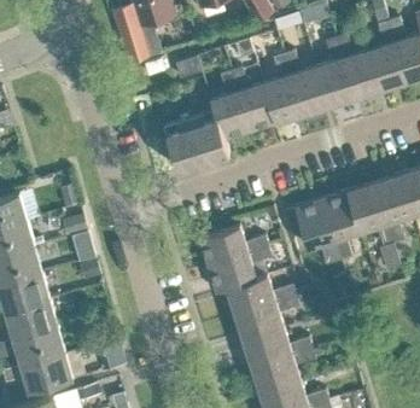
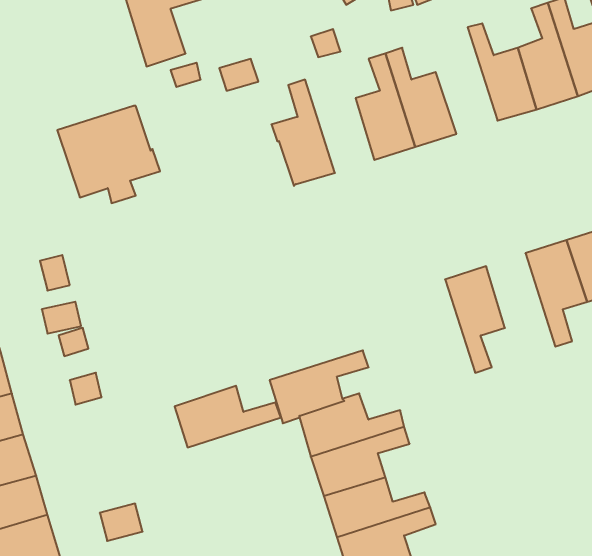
building: [316,37,356,106] -> none
building: [232,68,276,132] -> none
building: [164,111,231,174] -> [57,106,160,203]
building: [349,183,393,247] -> none
building: [294,200,342,263] -> none
building: [200,226,269,266] -> [175,386,281,447]

